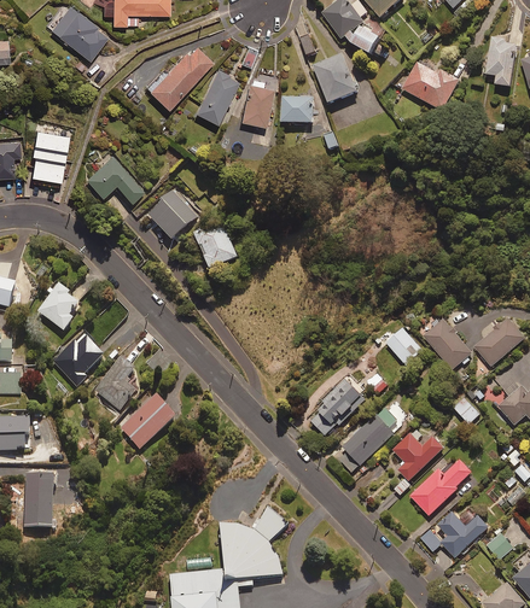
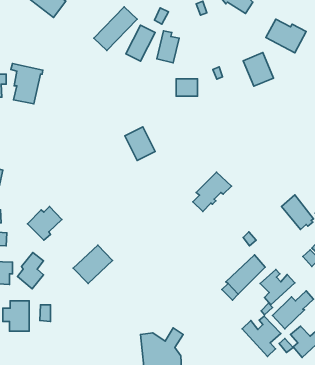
building: [314,52,359,101] -> [243,53,274,86]
building: [283,95,314,121] -> [176,79,197,96]
building: [86,153,144,200] -> none
building: [148,188,197,238] -> none
building: [37,282,80,331] -> none
building: [386,327,424,364] -> none
building: [97,357,135,410] -> [17,253,44,289]
building: [311,376,368,434] -> [193,172,231,212]
building: none -> [242,316,281,356]

